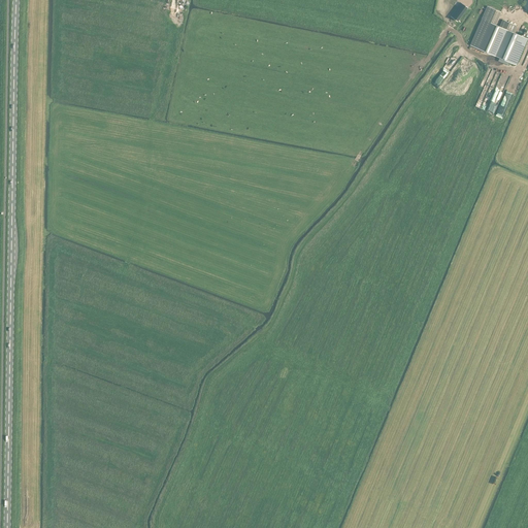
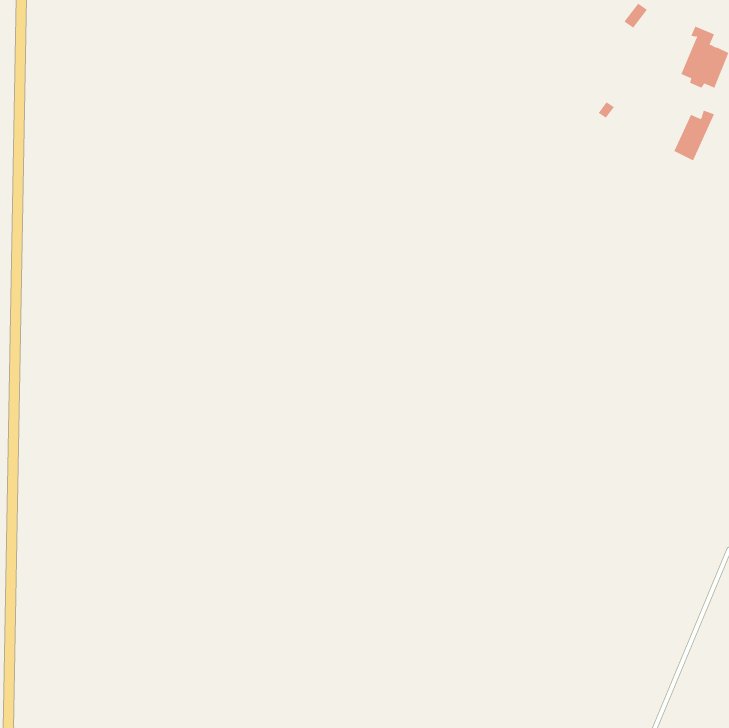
building: [470,18,503,54] -> none

